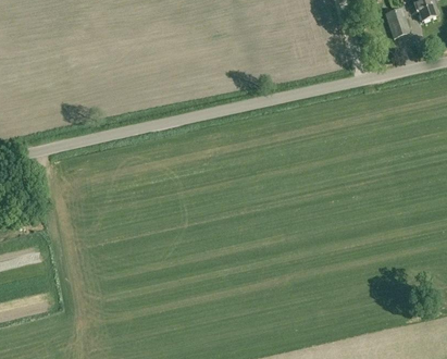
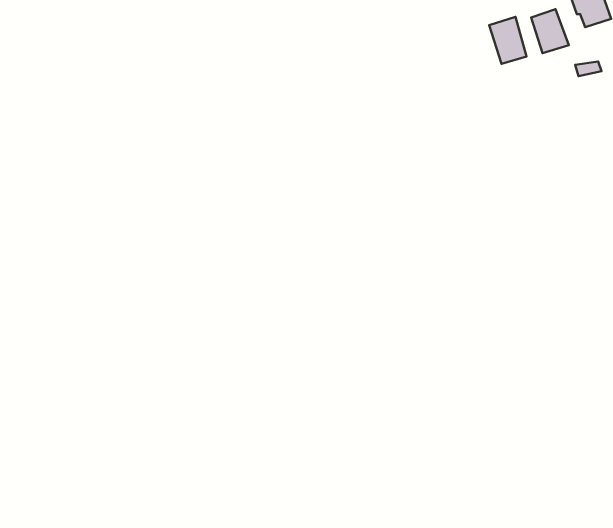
building: none -> [489,17,526,64]

